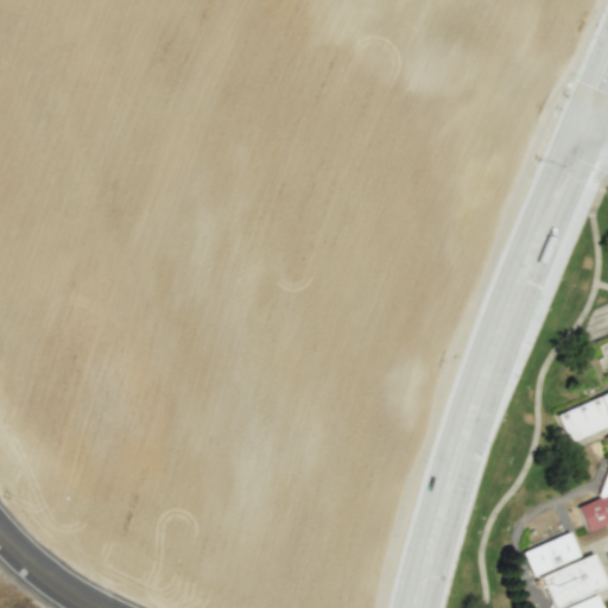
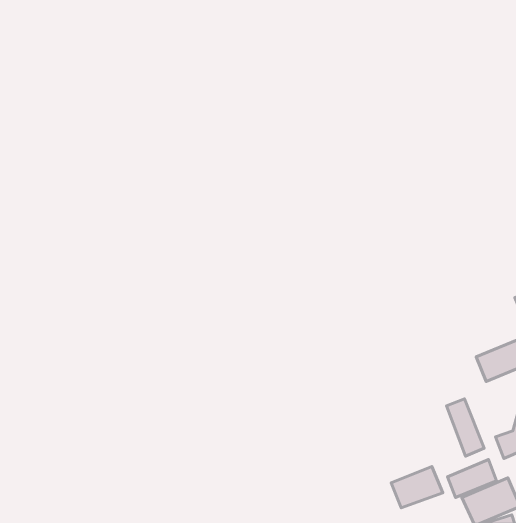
building: none -> [446,399,484,456]
building: none -> [391,466,443,508]

